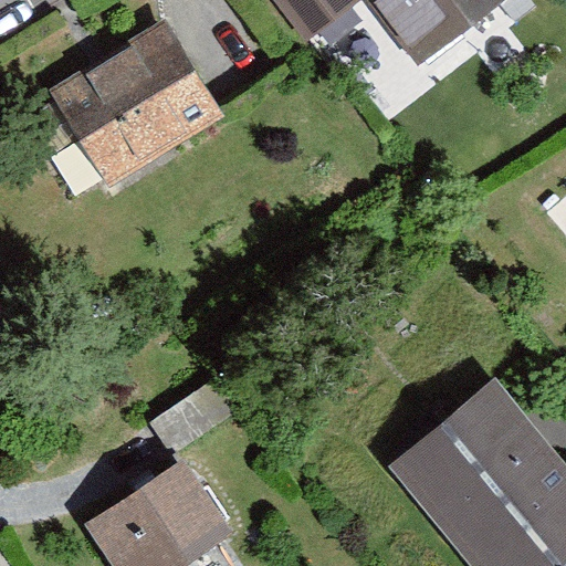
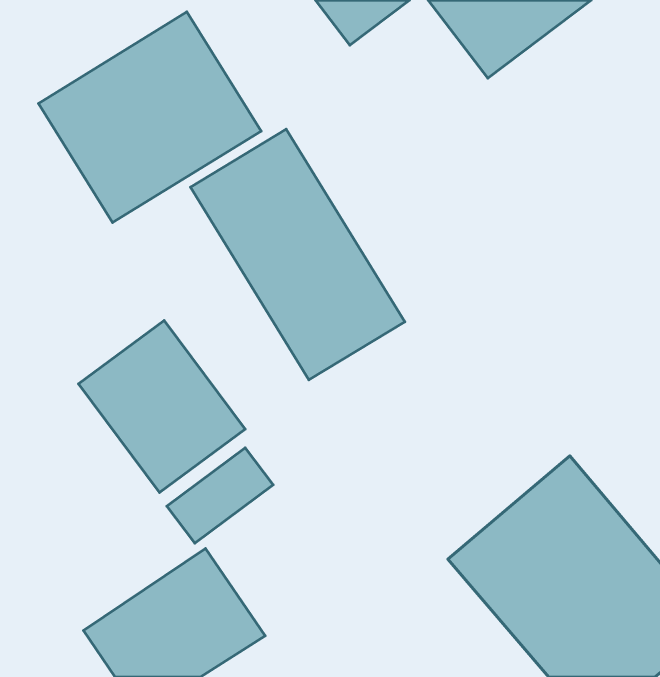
building: none -> [190,129,405,380]
building: none -> [78,321,245,492]

